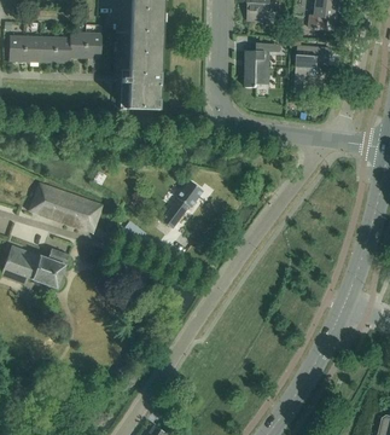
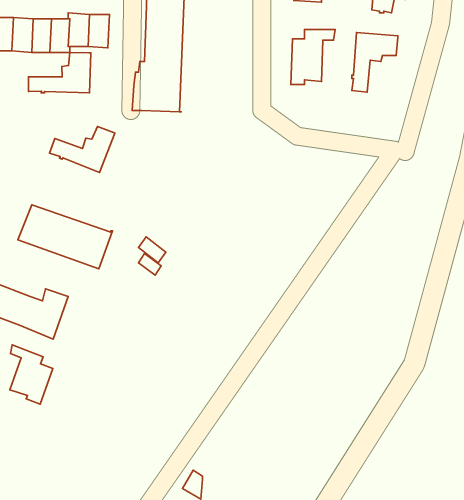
building: none -> [28,52,91,93]
building: none -> [49,126,115,172]
building: [162,180,203,228] -> none
building: none -> [10,345,53,404]

